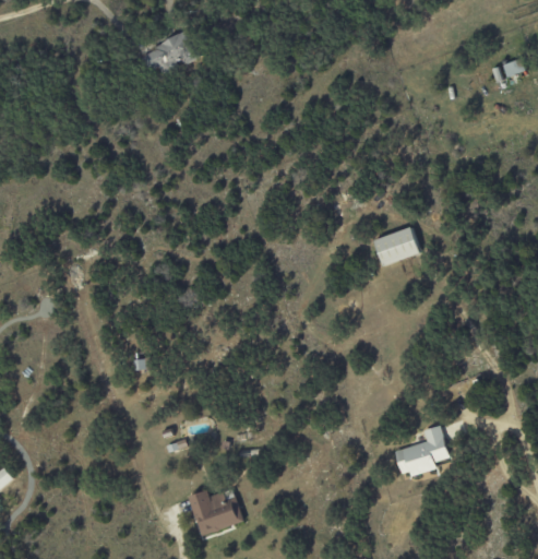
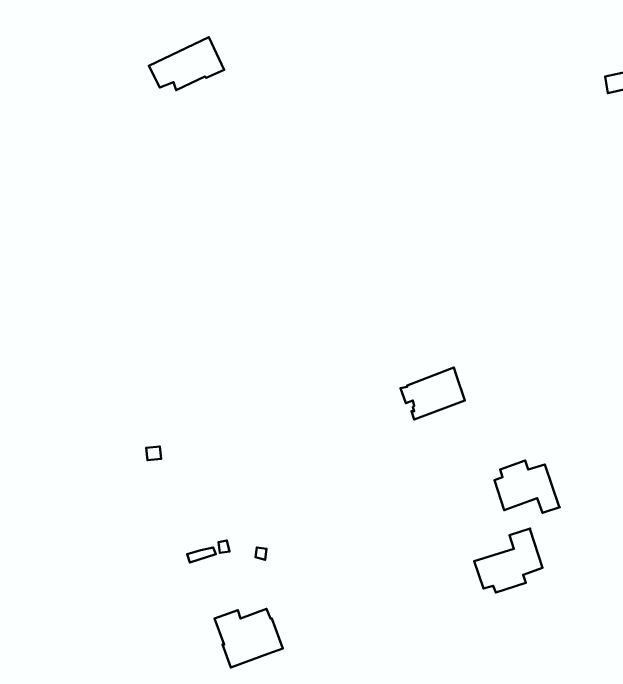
building: [370,225,421,266] -> [400,368,465,420]
building: none -> [495,461,560,513]

